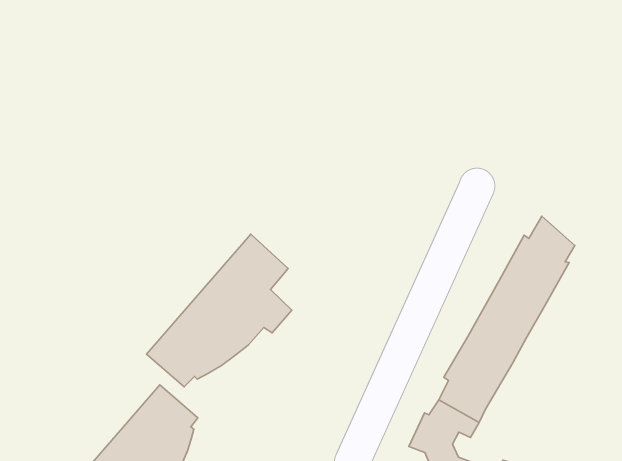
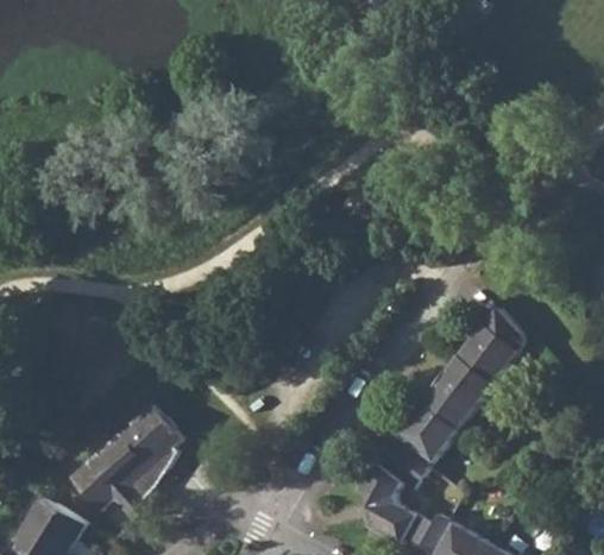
building: [147,234,292,387] -> none

